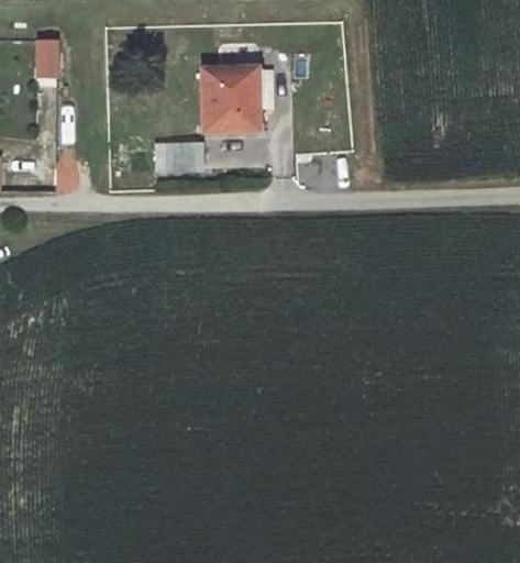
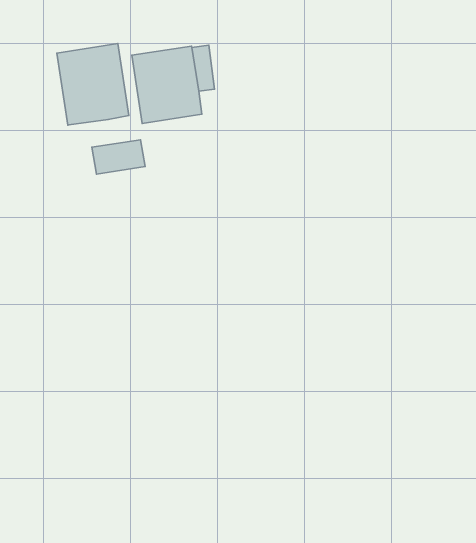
building: none -> [57,44,129,125]

